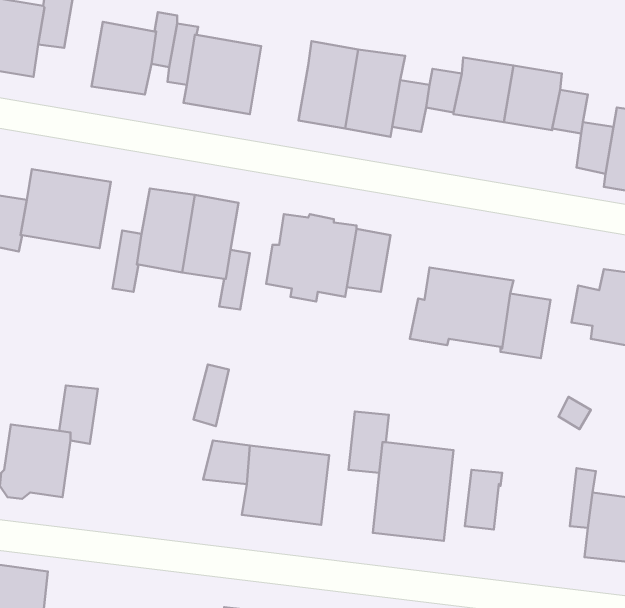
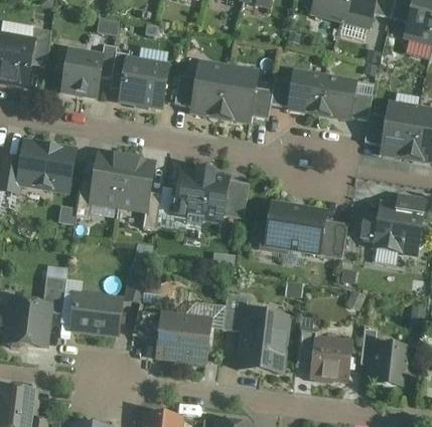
building: none -> [174,74,197,105]
building: none -> [73,294,120,334]
building: none -> [312,338,350,380]

